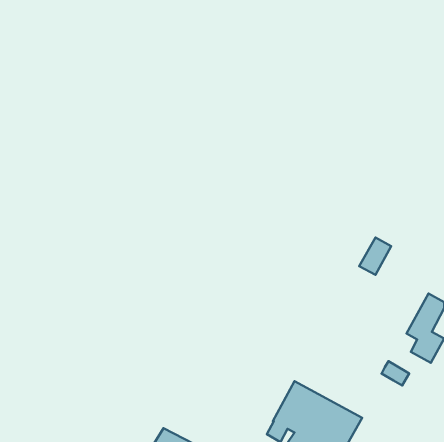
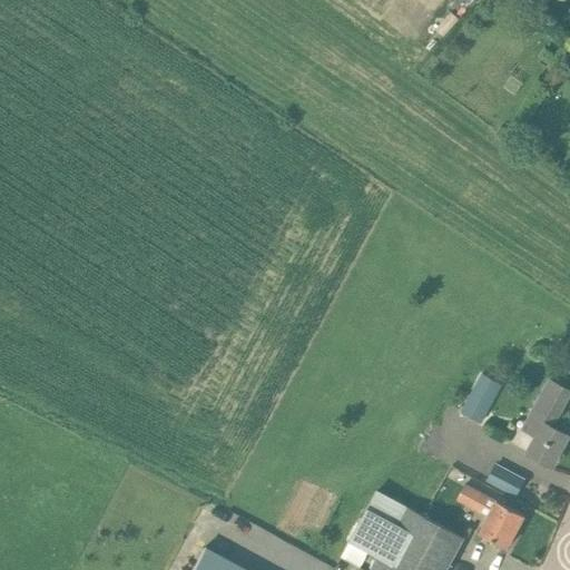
building: [359,238,391,275] -> [460,376,501,424]
building: none -> [456,481,524,548]

